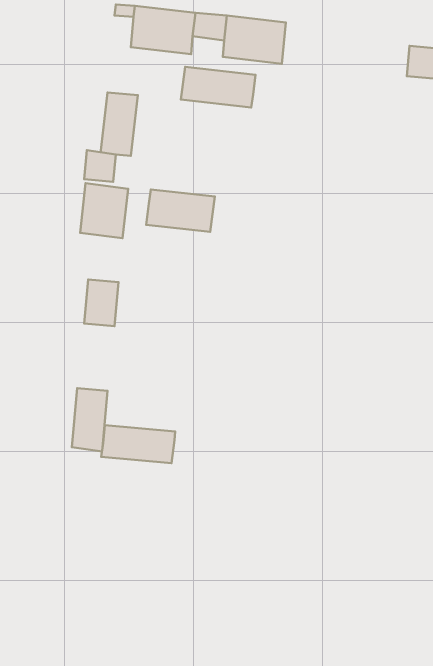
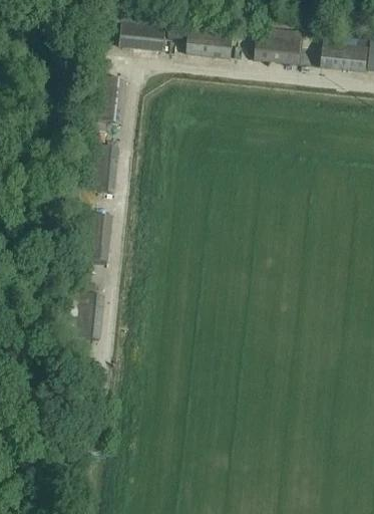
building: none -> [254,37,300,63]
building: [181,67,256,107] -> none
building: [146,189,215,232] -> none
building: [101,425,175,463] -> none

